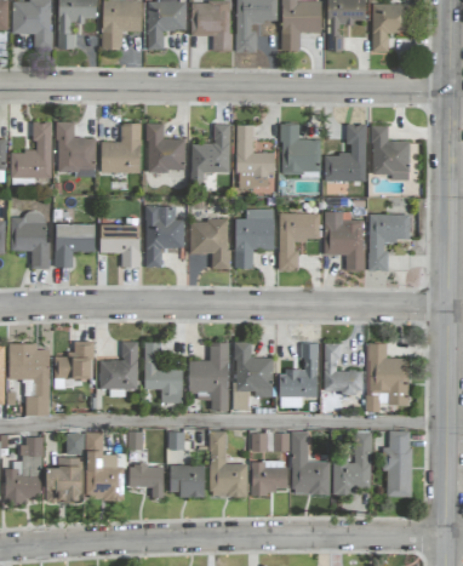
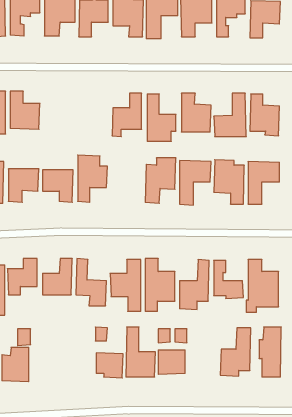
building: [101,124,141,173] -> none
building: [147,124,185,172] -> none
building: [189,221,228,269] -> none
building: [86,433,124,502] -> none
building: [291,433,330,494] -> none
building: [128,464,164,498] -> none

